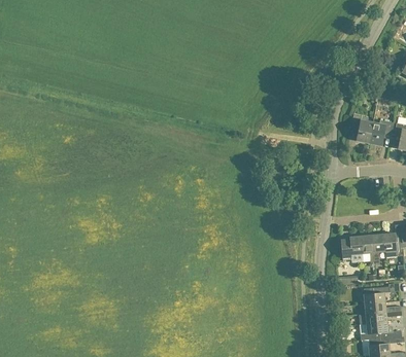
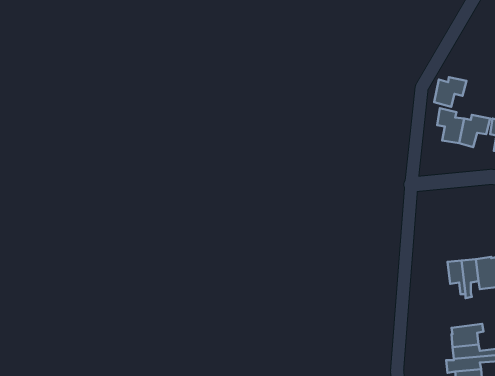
building: none -> [434,77,467,107]
building: [341,236,364,262] -> none

